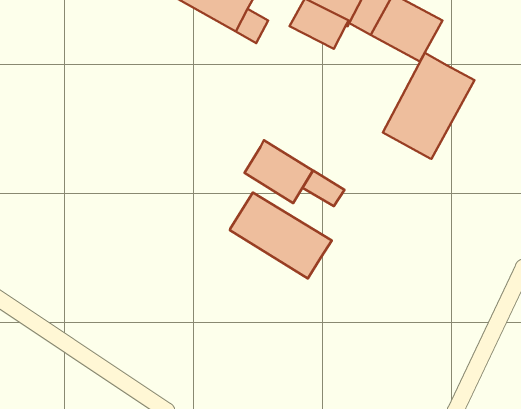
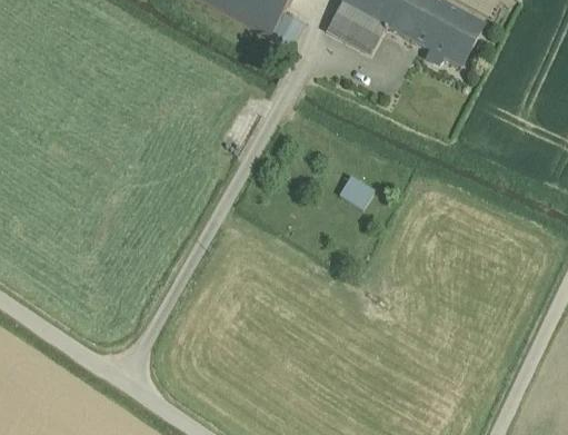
building: [383,53,474,159] -> none
building: [244,140,313,203] -> none
building: [230,192,332,279] -> none

